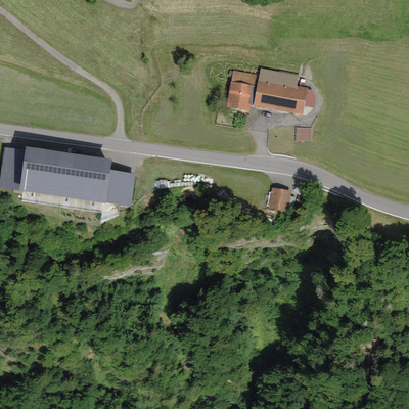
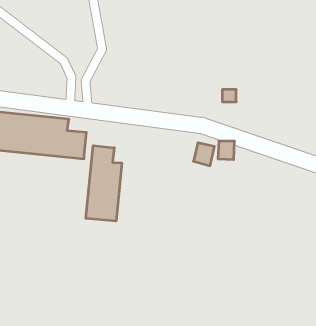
building: [229,69,314,117] -> none
building: none -> [86,146,122,221]

